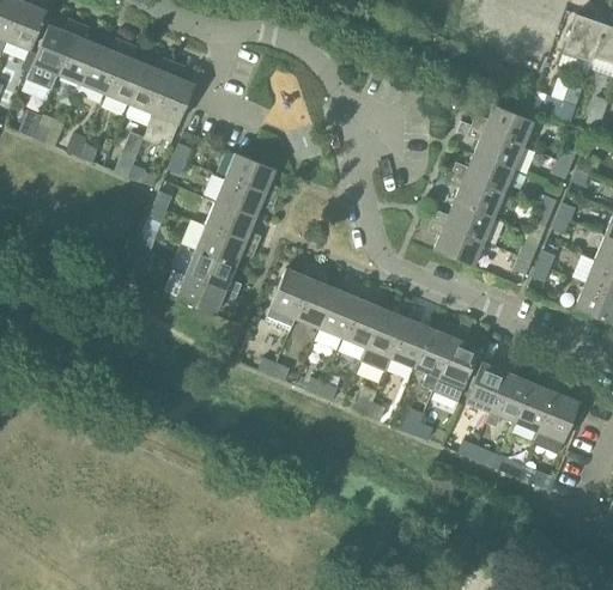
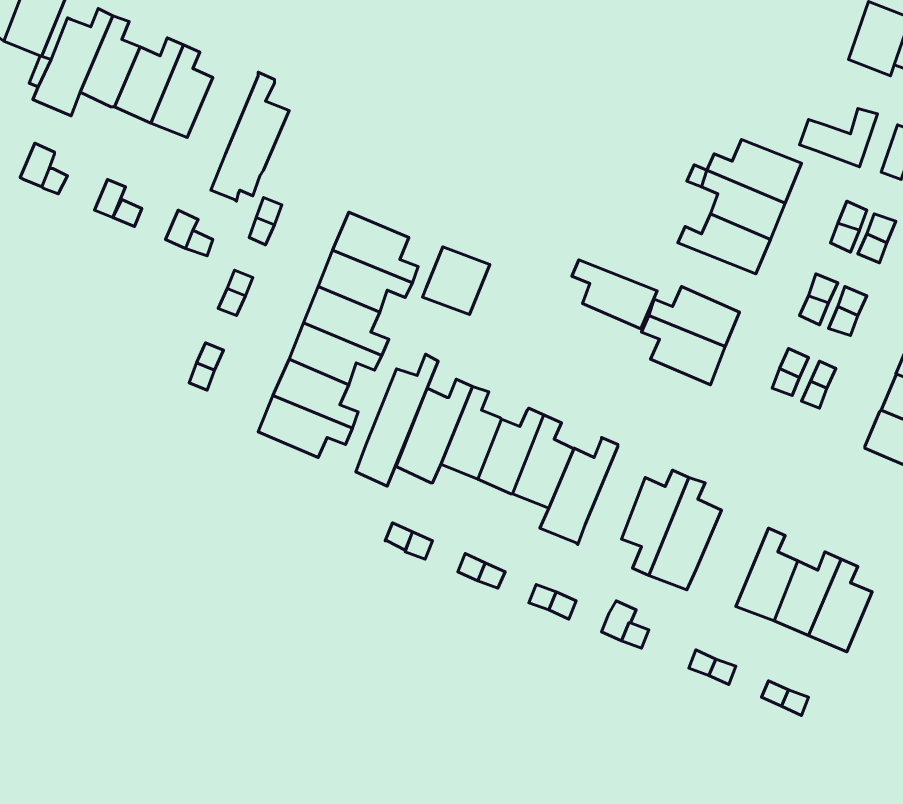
building: [128,57,175,115] -> none
building: [447,174,503,219] -> [572,260,657,329]
building: none -> [422,247,490,315]
building: none -> [356,354,438,486]
building: [390,306,430,369] -> none
building: [466,357,511,413] -> none

